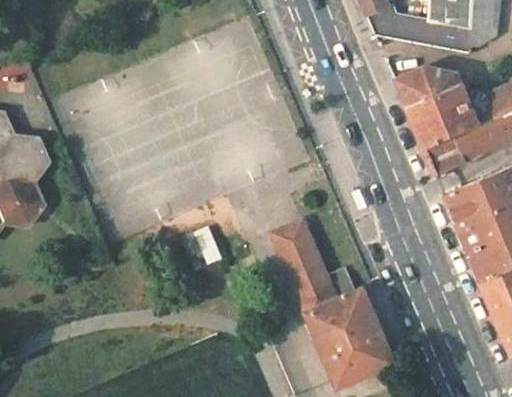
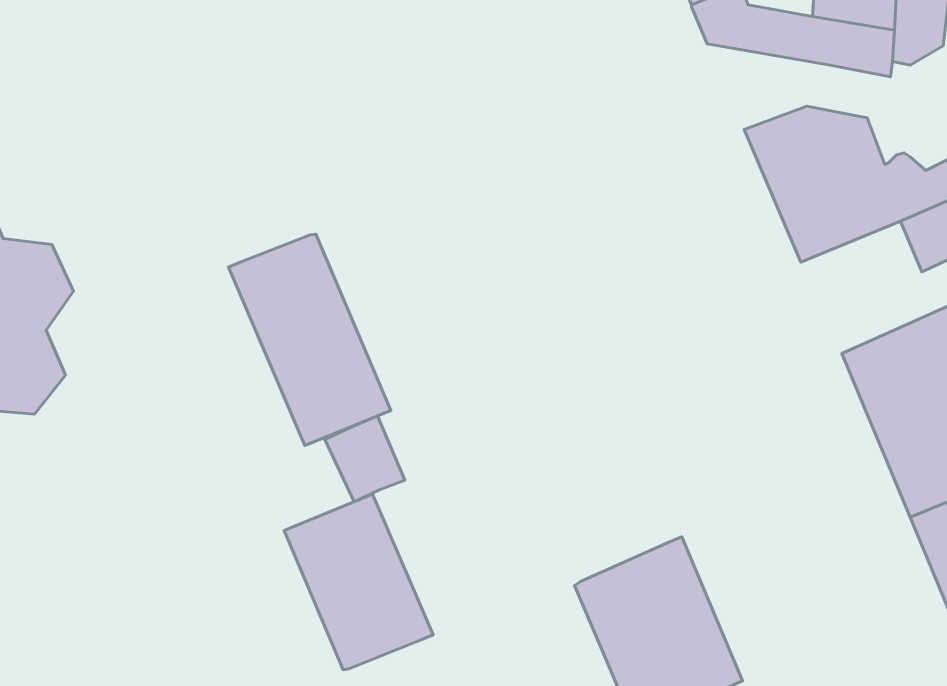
building: [422,126,484,176] -> none
building: none -> [229,234,391,445]
building: [277,223,354,311] -> none
building: none -> [284,494,433,670]

